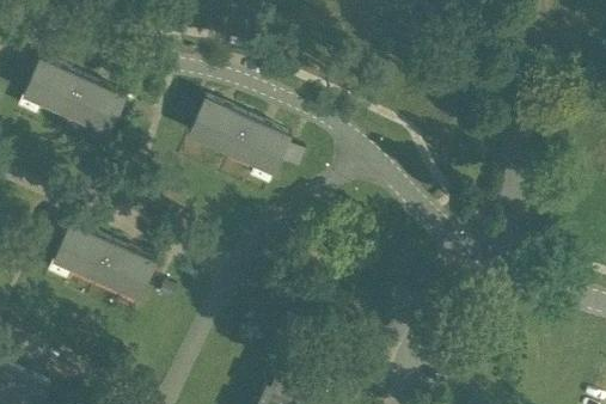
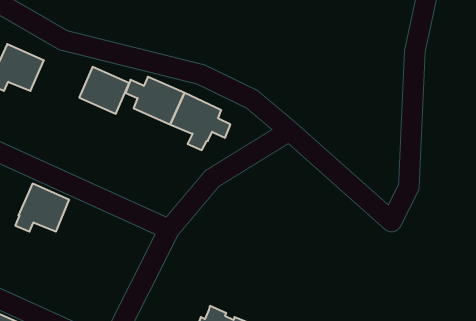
building: [66,78,124,133] -> [79,67,129,114]
building: [96,241,154,298] -> none

